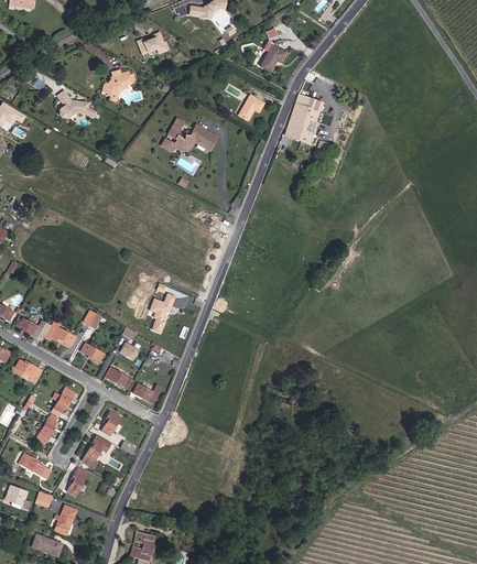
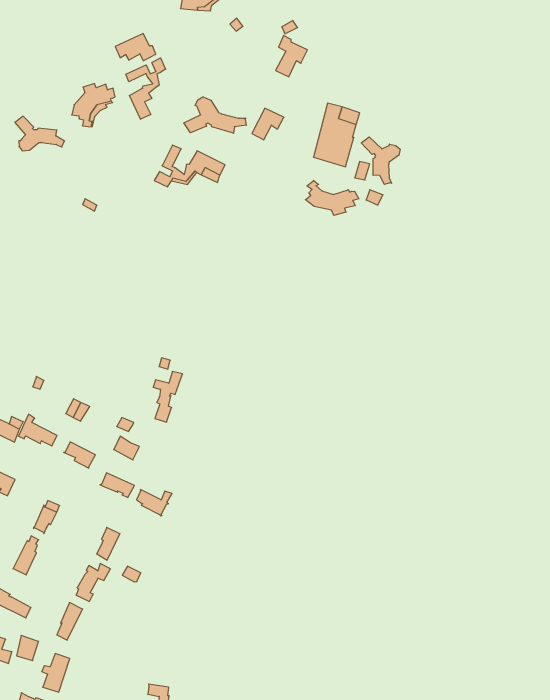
building: none -> [126,58,166,119]
building: none -> [184,97,246,133]
building: none -> [361,137,400,184]
building: none -> [305,180,359,215]

